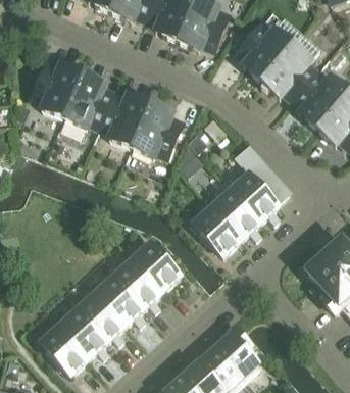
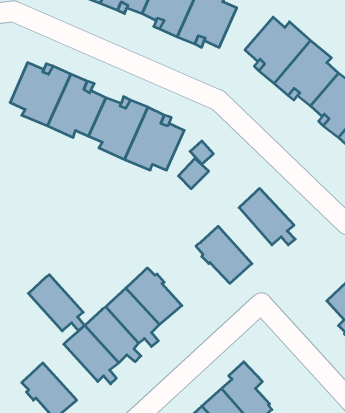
building: [212,188,261,237] -> none
building: [59,307,108,356] -> [28,275,84,331]

